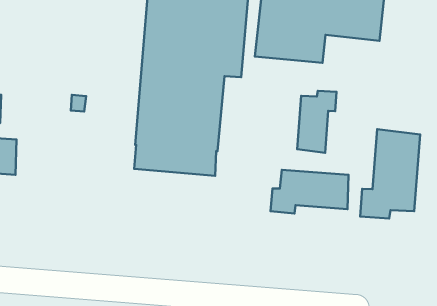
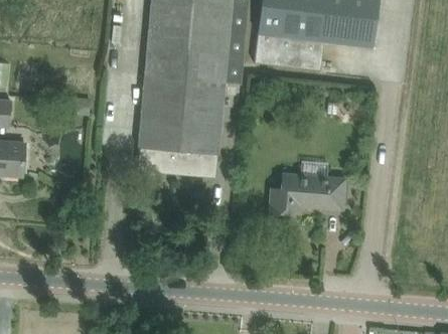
building: [297,91,337,153] -> none
building: [360,129,420,218] -> none

